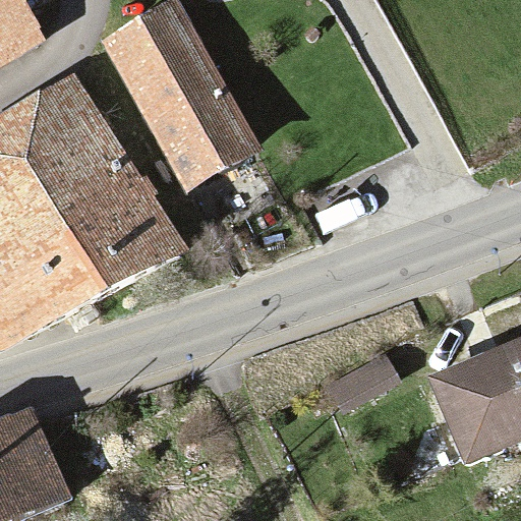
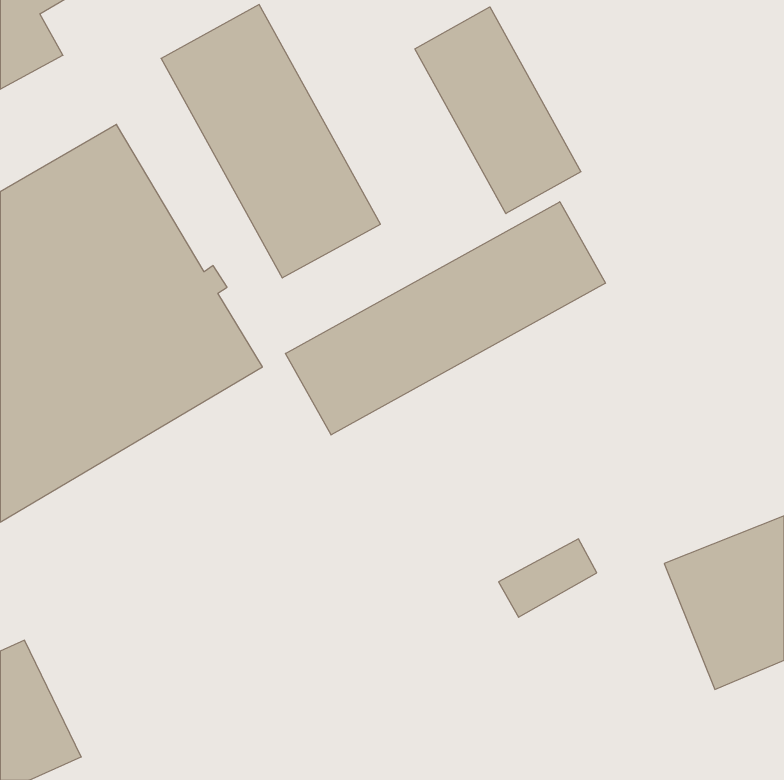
building: none -> [415,7,581,214]
building: none -> [285,202,605,435]

